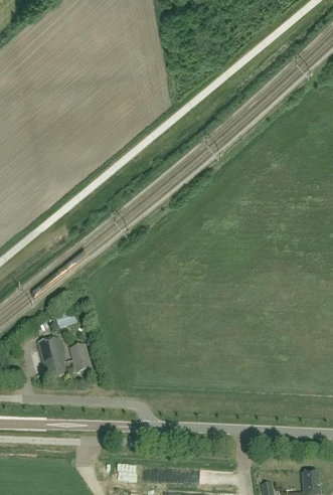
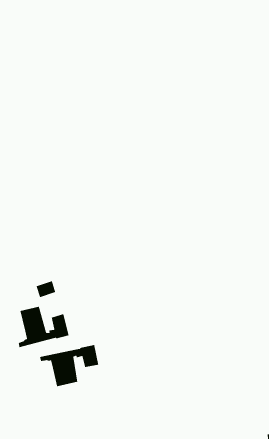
building: none -> [39,344,99,387]

